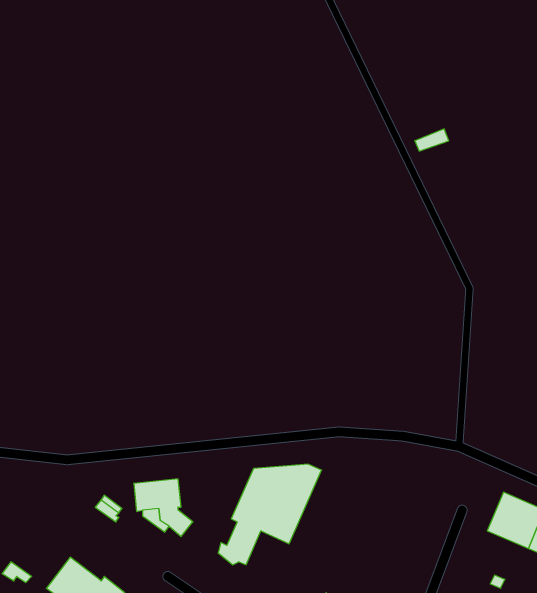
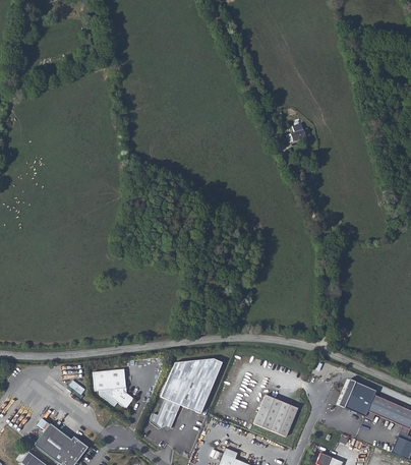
building: none -> [254,395,297,437]

